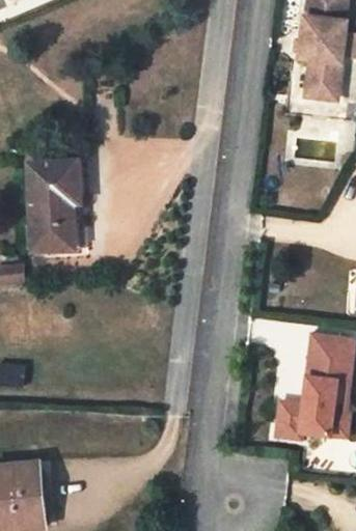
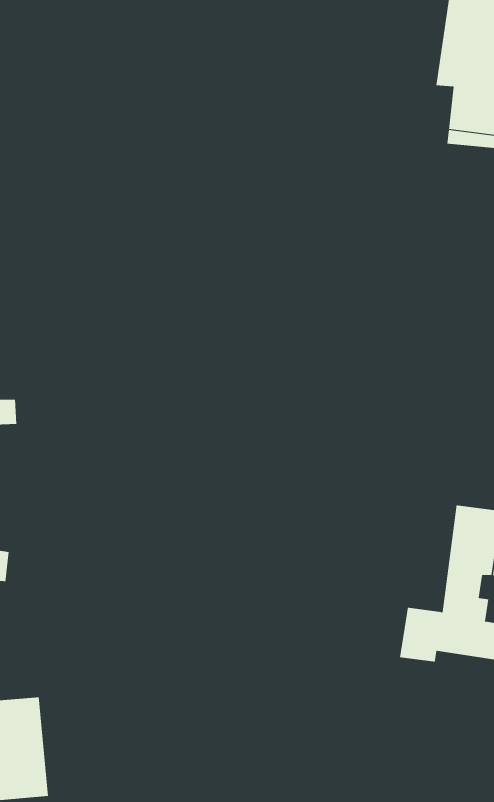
building: [29,160,79,249] -> none

